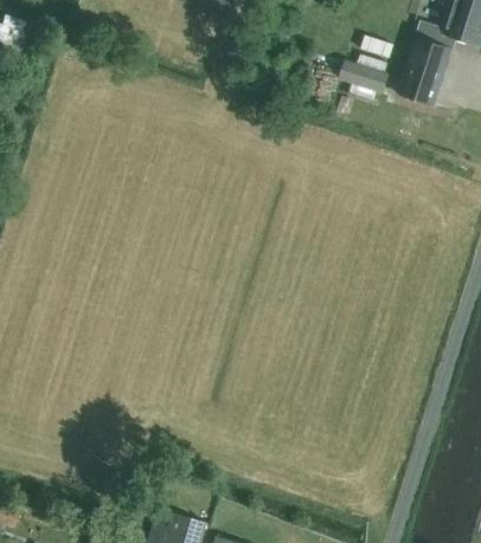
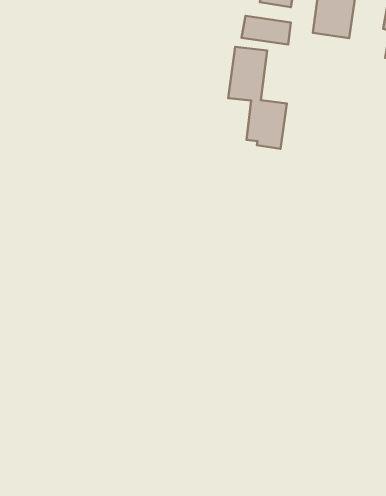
building: none -> [228,47,287,149]

